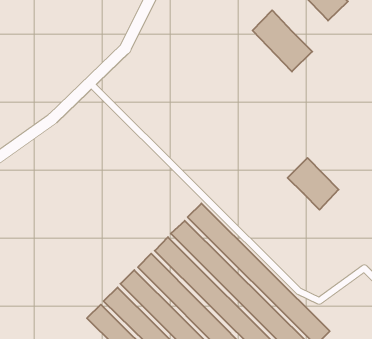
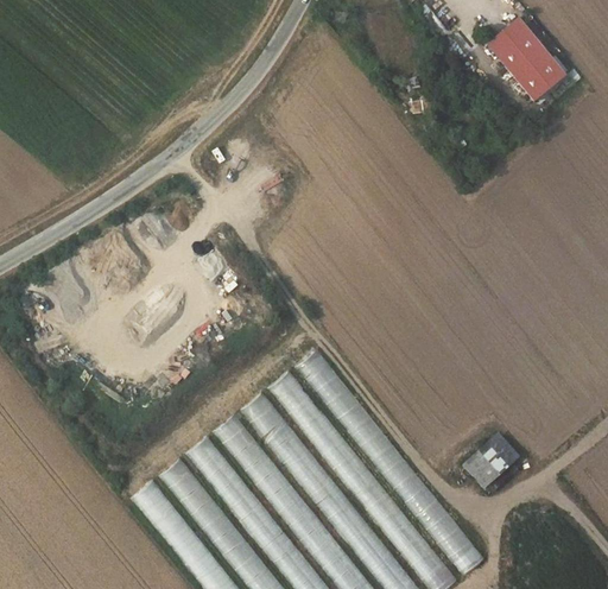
building: [253,10,312,72] -> none
building: [288,158,339,210] -> none
building: none -> [458,437,509,488]

